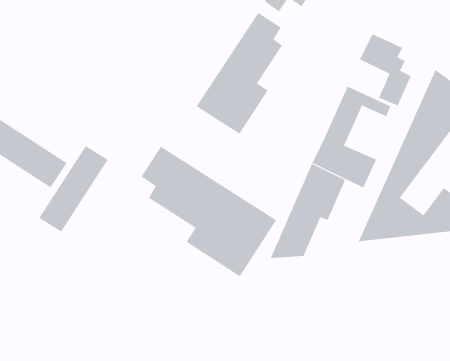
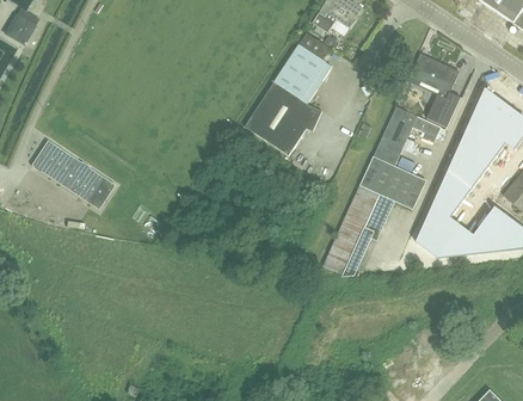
building: [38,145,108,233] -> none
building: [141,146,277,277] -> none

